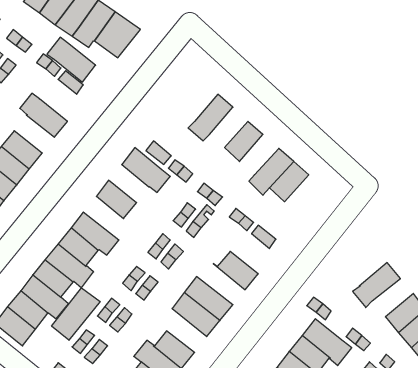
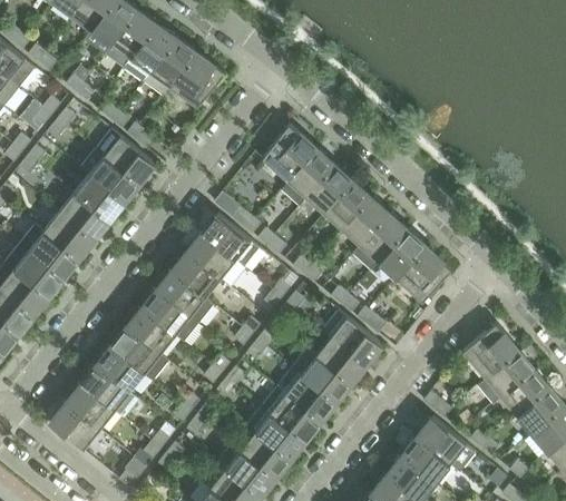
building: [47,37,96,82] -> [96,129,154,183]
building: none -> [263,125,318,183]
building: none -> [308,166,353,214]
building: none -> [75,175,123,220]
building: none -> [343,198,390,246]
building: none -> [187,234,246,287]
building: none -> [397,246,451,302]
building: none -> [157,272,214,324]
building: none -> [323,311,381,364]
building: none -> [463,324,519,379]
building: none -> [292,348,350,401]
building: none -> [501,370,550,415]
building: [52,288,100,340] -> none
building: none -> [247,405,304,458]

